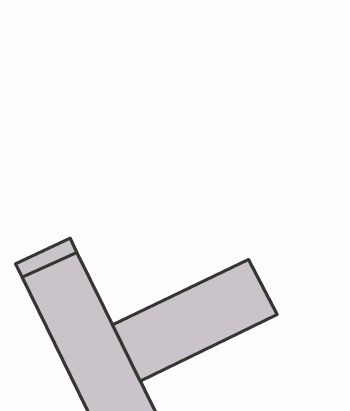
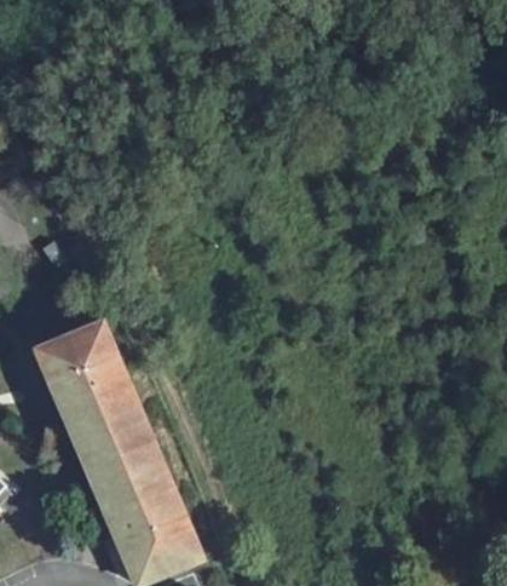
building: [113,259,277,381] -> none

